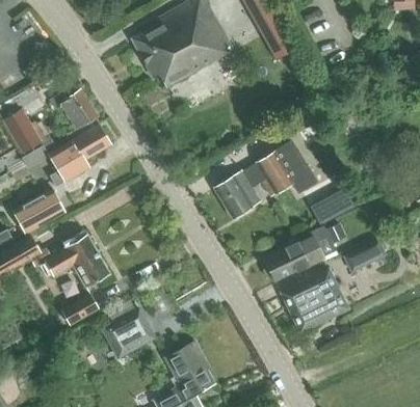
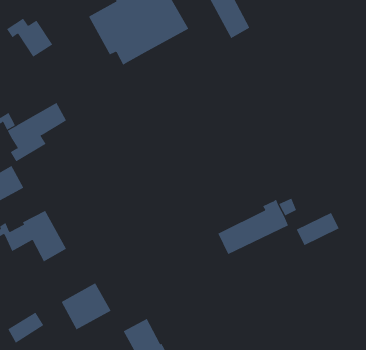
building: [49,87,97,128] -> [6,18,53,58]
building: [214,141,316,218] -> none
building: [310,189,355,225] -> none
building: [279,269,345,332] -> none
building: [60,295,98,327] -> [7,312,44,343]

